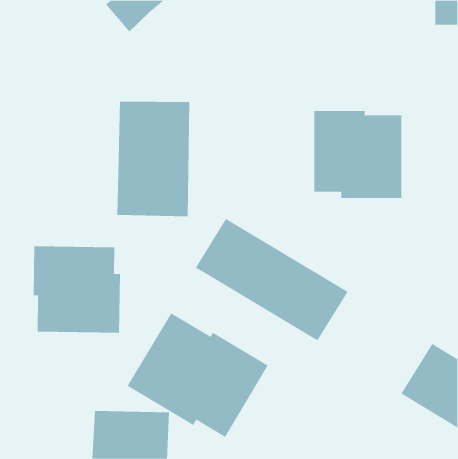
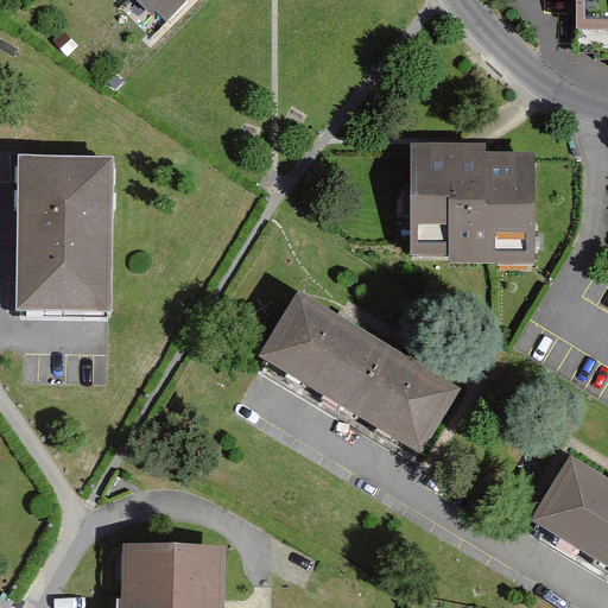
building: [117,101,190,217] -> [14,153,112,306]
building: [33,246,121,333] -> none
building: [127,312,268,438] -> none

